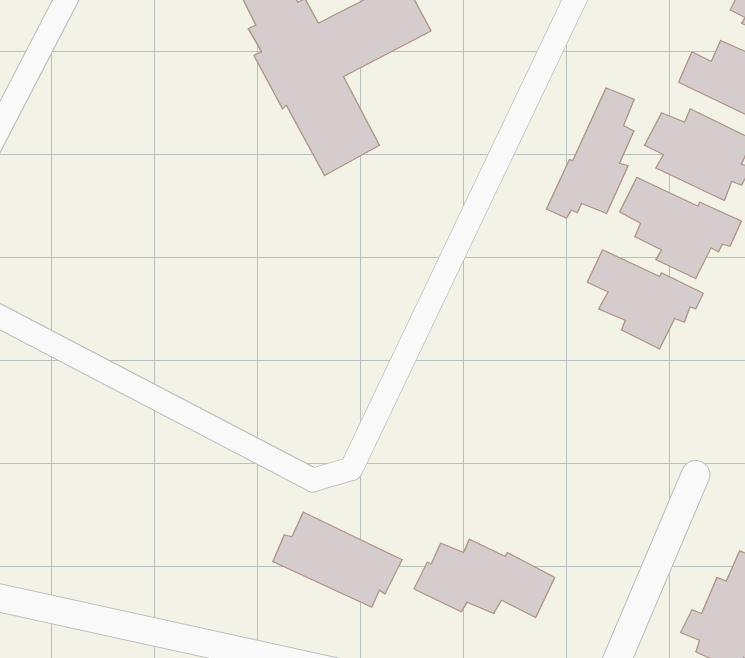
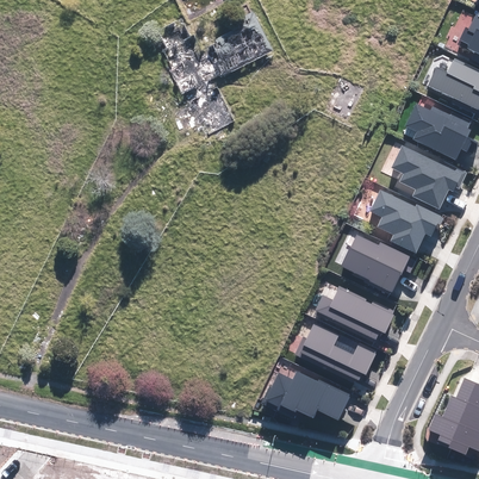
building: [546,88,634,218] -> none
building: none -> [341,235,415,292]
building: none -> [315,280,396,338]
building: [273,512,402,607] -> [294,323,375,382]

